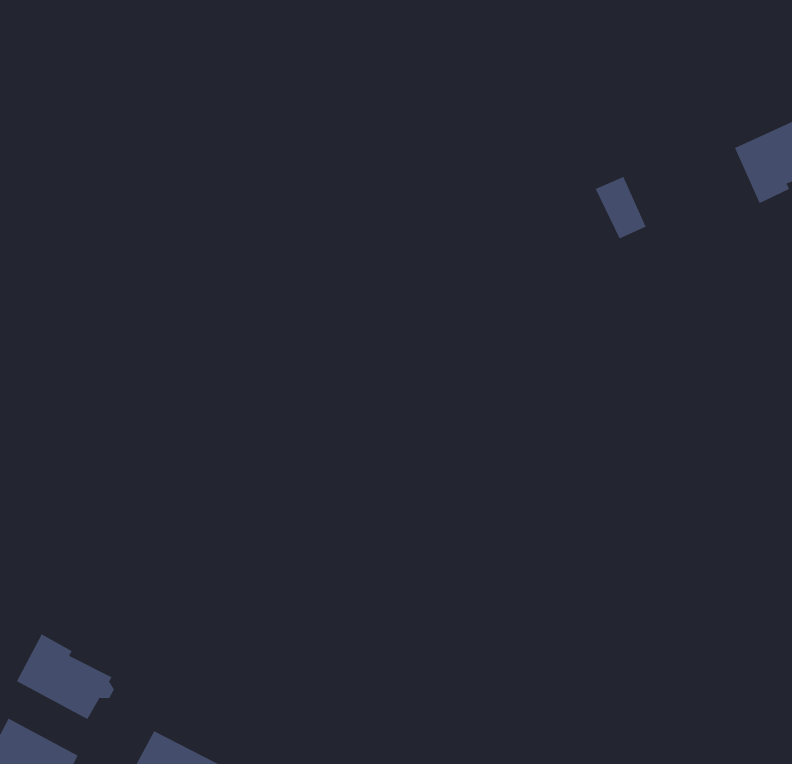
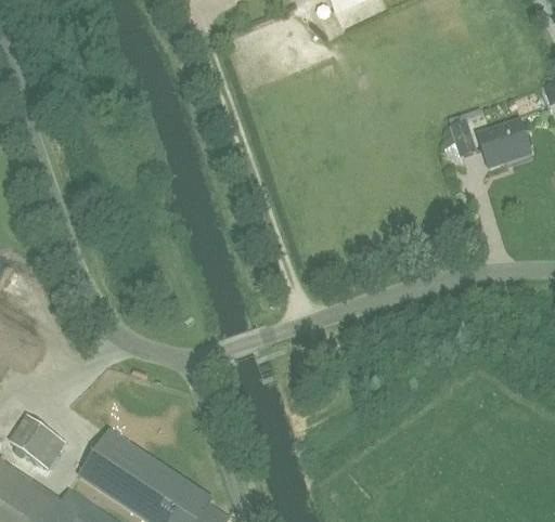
building: [595,176,646,239] -> [451,120,478,156]
building: [16,634,115,720] -> none

